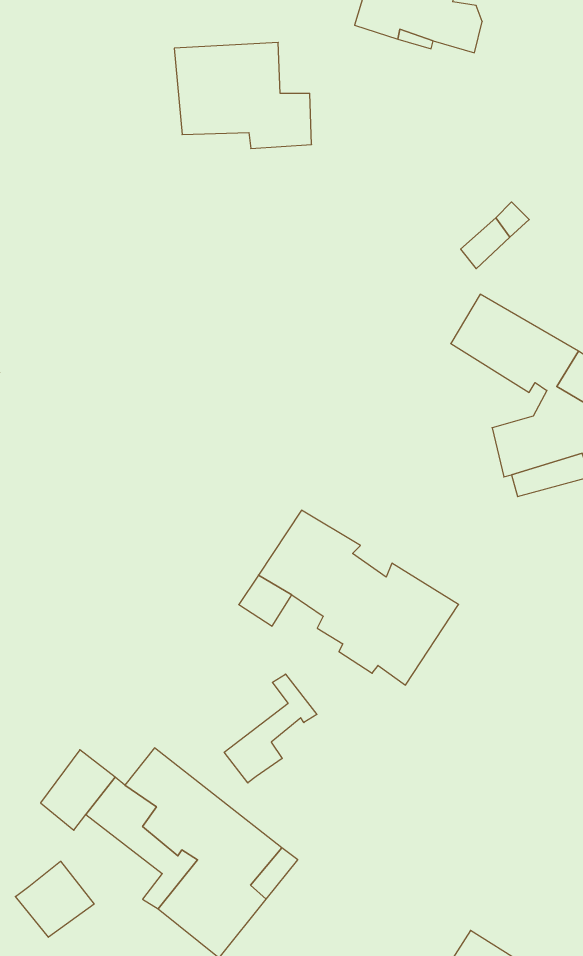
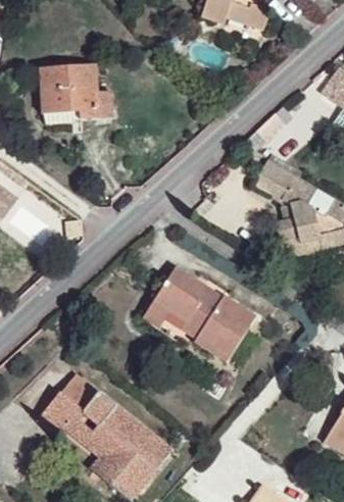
building: [174,42,312,148] -> [40,64,111,119]
building: [224,674,317,783] -> none
building: [15,861,94,937] -> none

